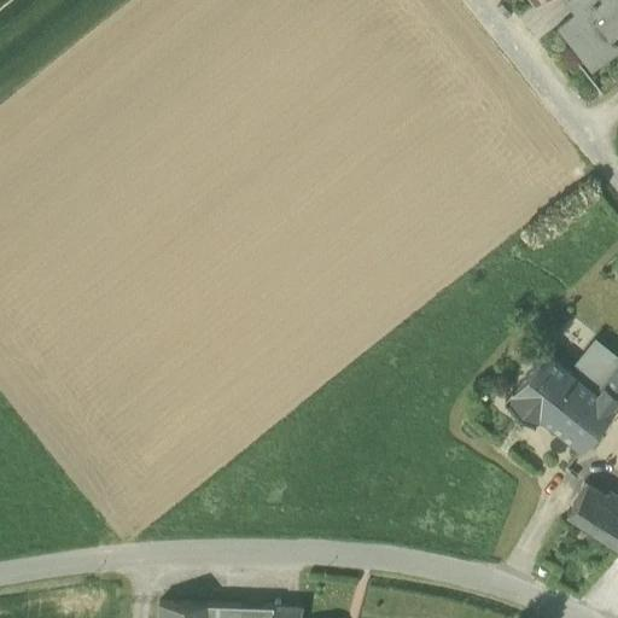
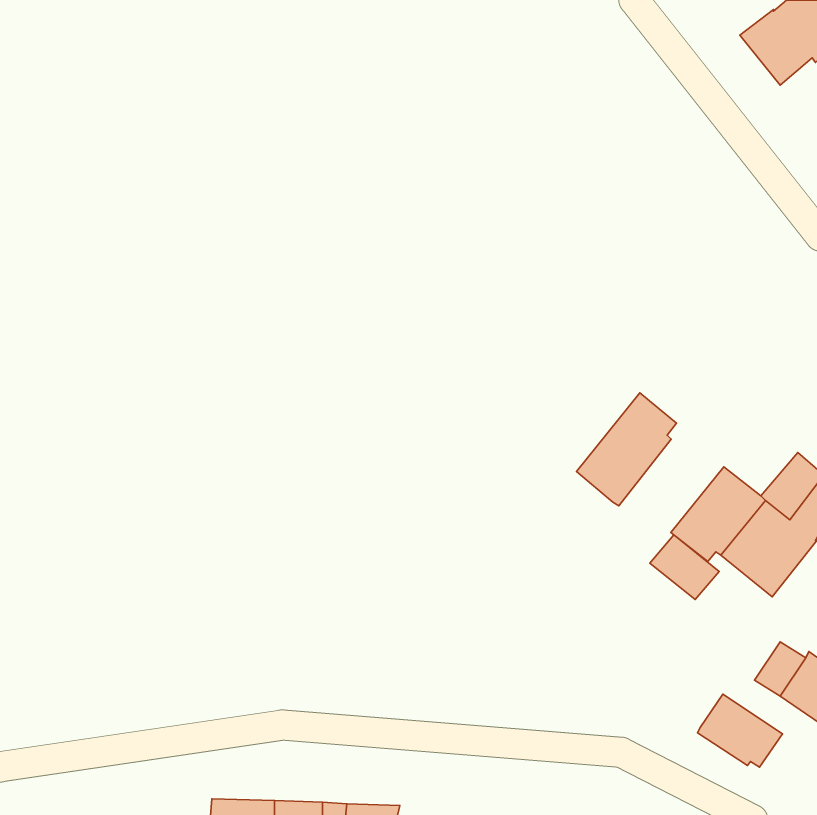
building: none -> [576,393,676,506]
building: none -> [650,535,719,600]
building: none -> [697,694,782,767]

